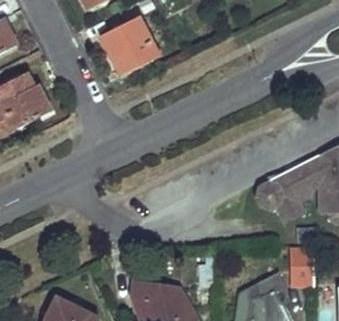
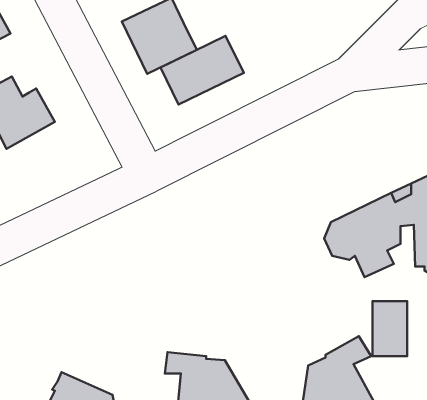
building: none -> [160,36,244,105]

